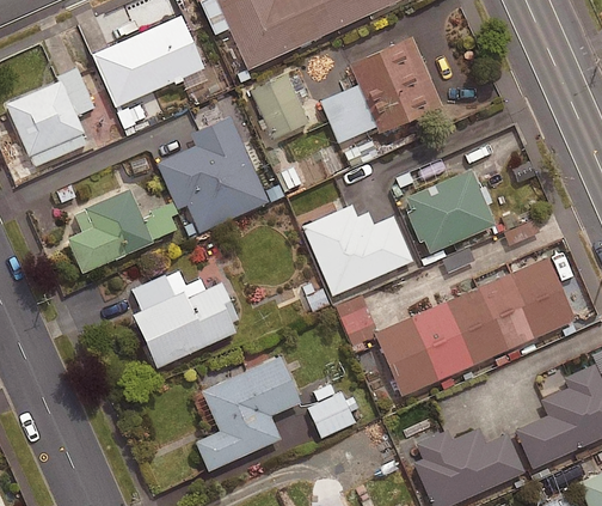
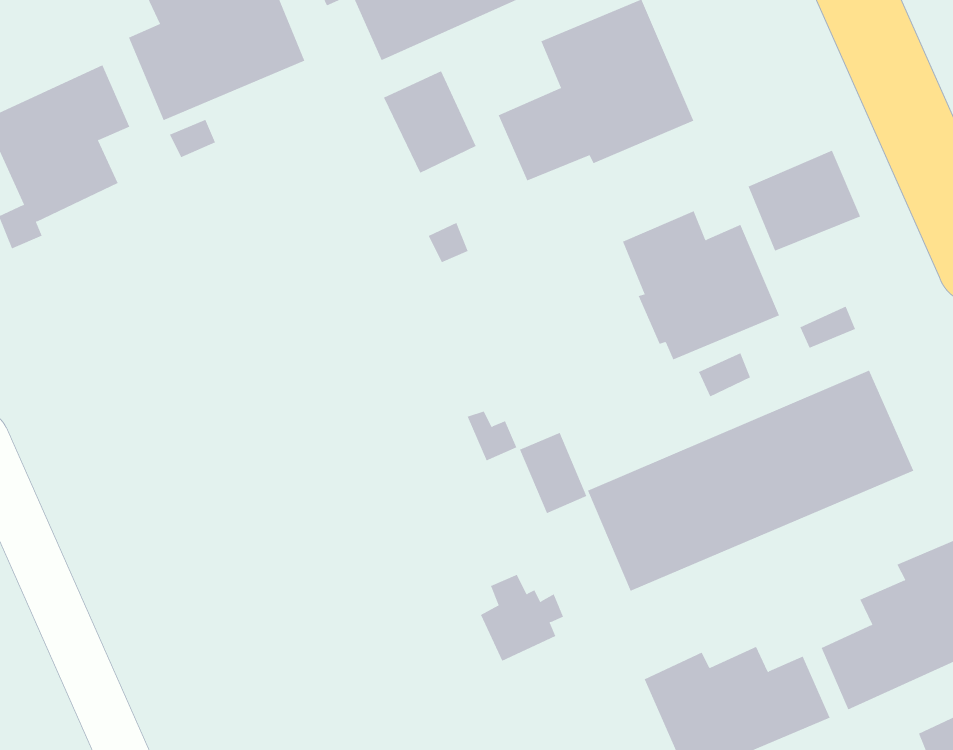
building: [159,116,270,233] -> none
building: none -> [748,150,861,252]
building: [60,190,177,273] -> none
building: [303,206,412,295] -> none
building: [133,270,236,367] -> none
building: [195,355,302,470] -> none

